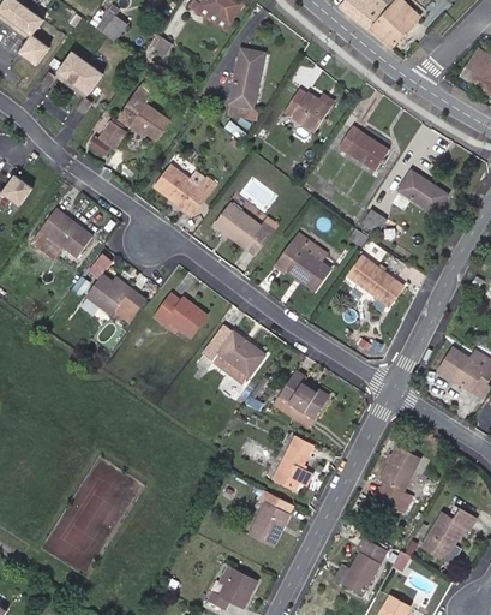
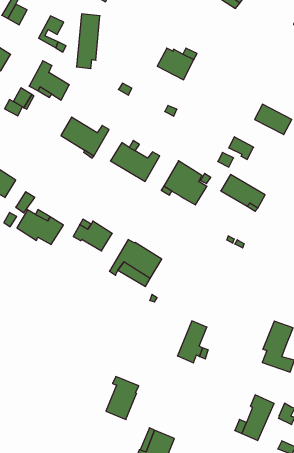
building: [228,48,264,118] -> [76,14,100,68]
building: [339,125,389,171] -> none
building: [274,370,329,428] -> none
building: [249,490,293,545] -> [106,377,139,420]

